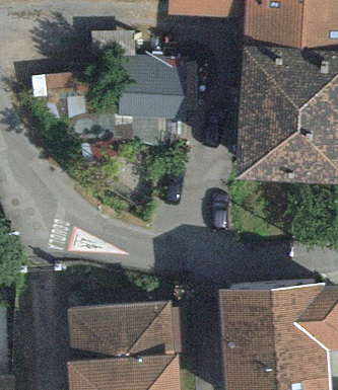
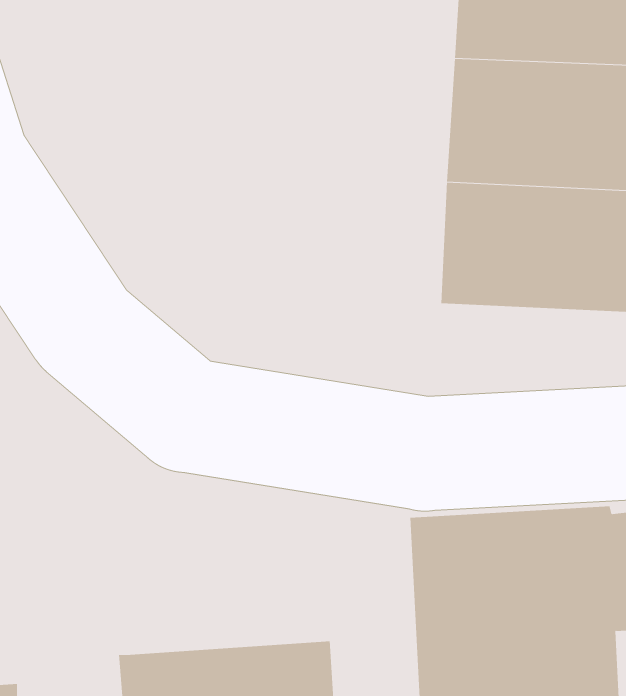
building: [124,50,186,127] -> none
building: [67,303,180,363] -> none

